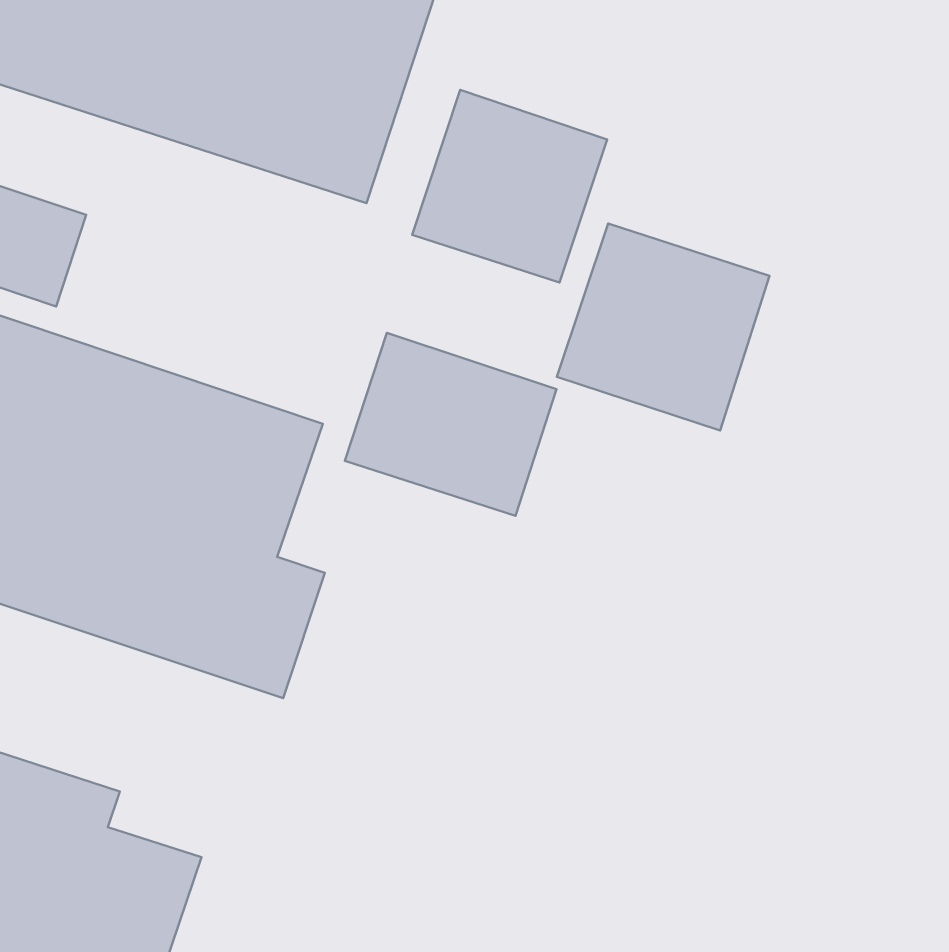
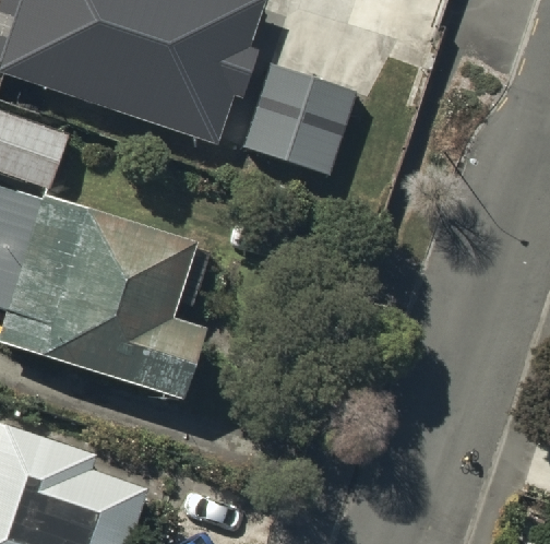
building: [557,224,769,430] -> none
building: [345,333,557,516] -> none

